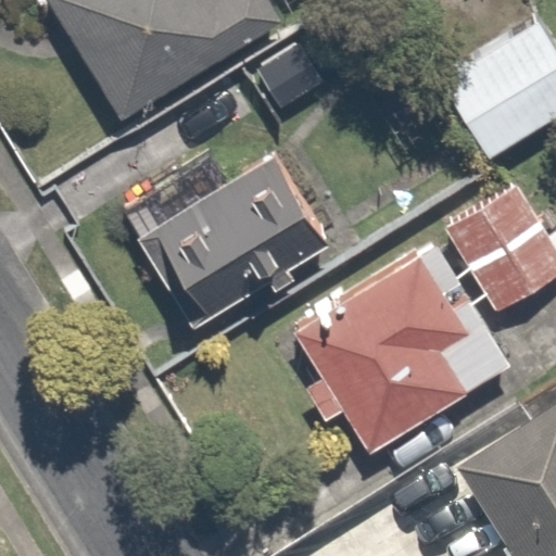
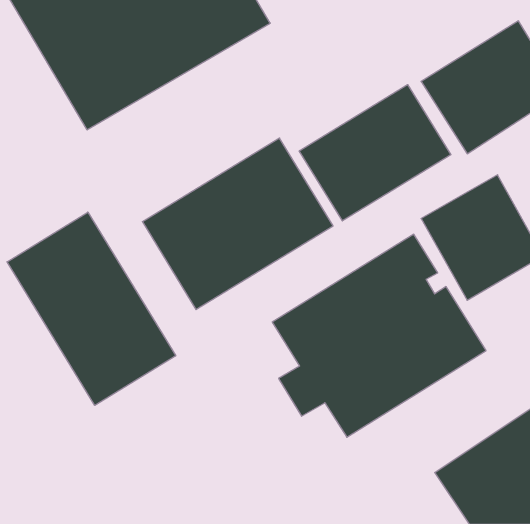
building: none -> [299,85,451,221]
building: none -> [7,212,176,405]

